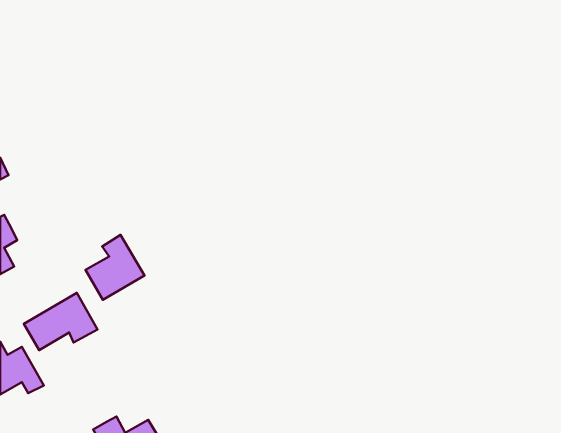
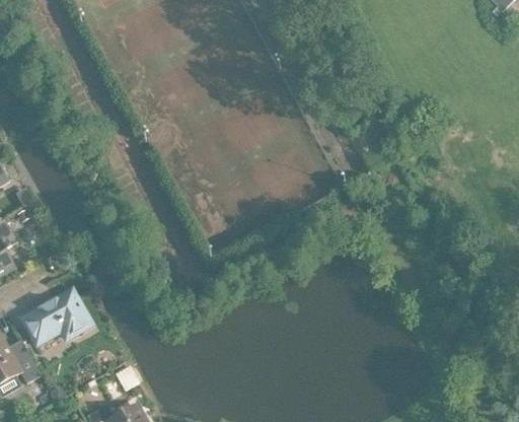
building: [85,235,144,300] -> none

